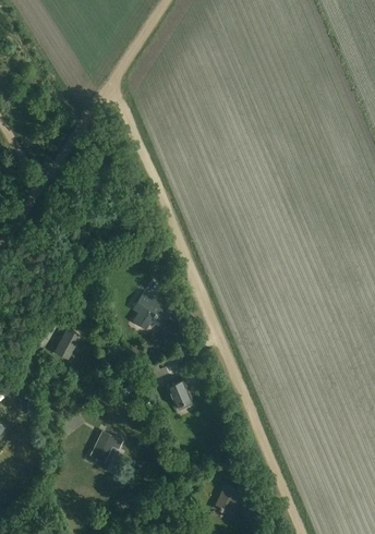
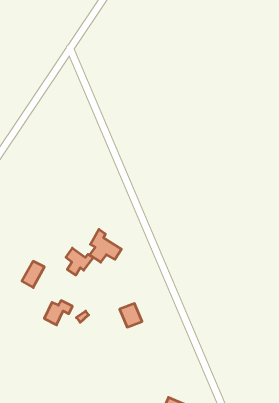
building: none -> [66,248,93,275]
building: [90,435,123,463] -> [44,301,72,325]

